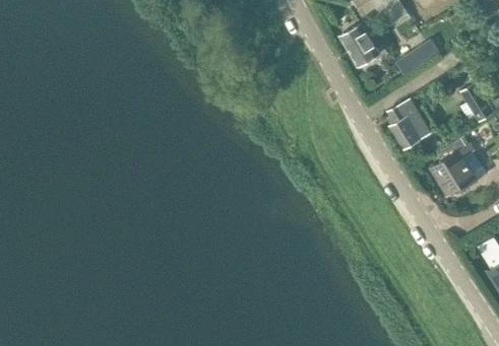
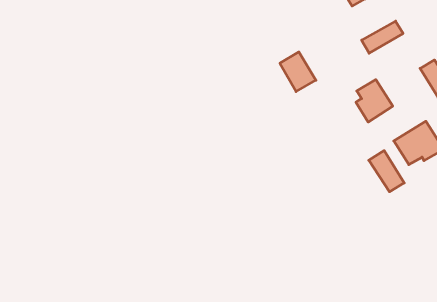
building: [339,23,378,66] -> [280,52,316,92]
building: none -> [369,151,404,192]

